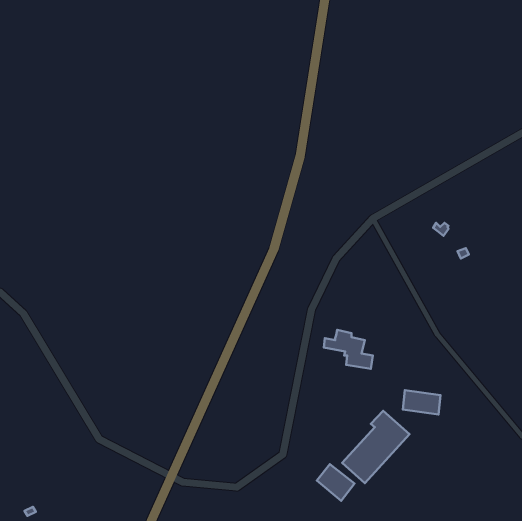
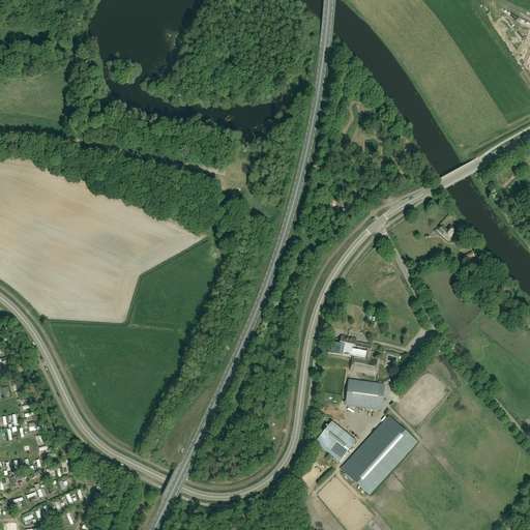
building: [403,390,441,415] -> [346,382,384,407]
building: [317,464,354,501] -> [315,424,353,462]

